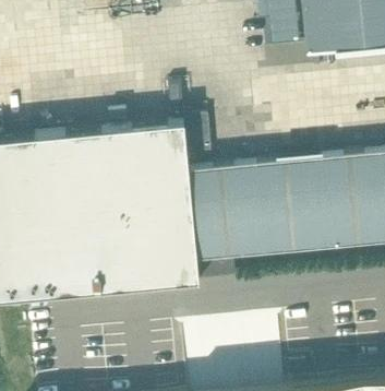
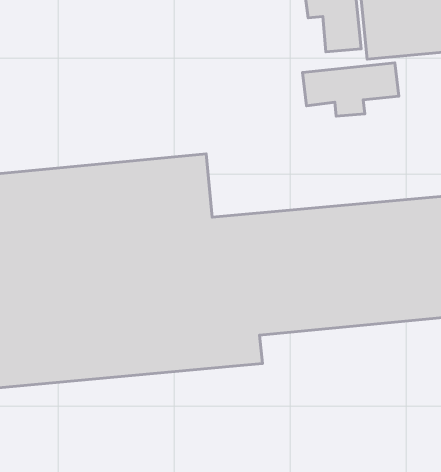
building: none -> [303,63,399,116]

